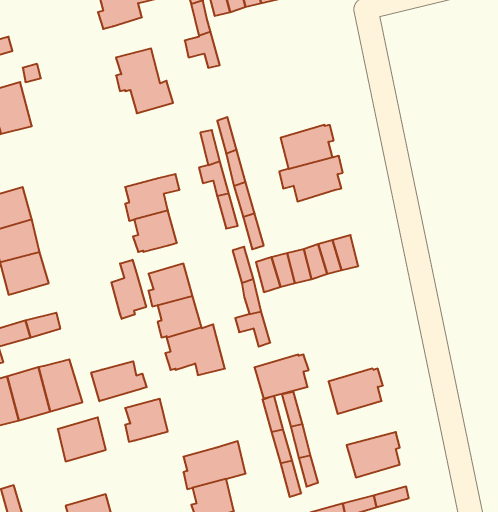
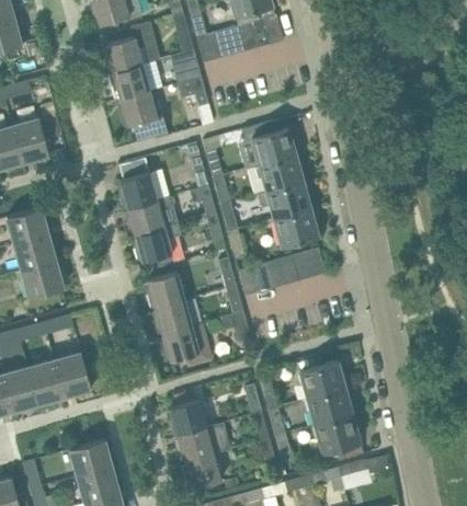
building: none -> [112,64,149,100]
building: none -> [241,125,296,165]
building: none -> [119,157,156,209]
building: none -> [273,207,319,246]
building: [111,260,146,319] -> none
building: [254,355,309,399] -> [307,388,353,425]
building: [91,361,147,401] -> none
building: [125,399,168,442] -> [169,400,205,436]
building: [58,417,106,461] -> [70,439,111,476]

